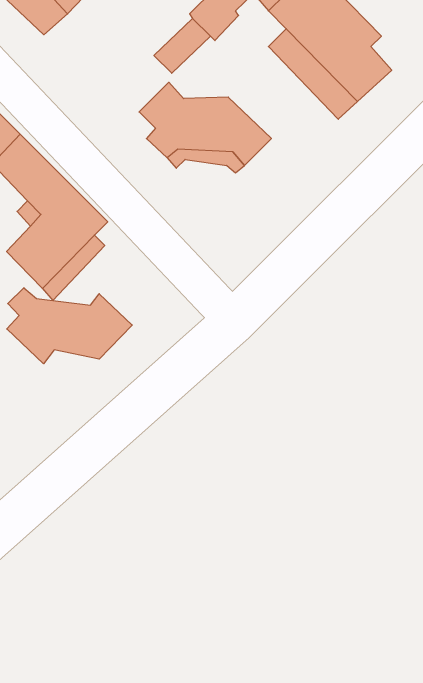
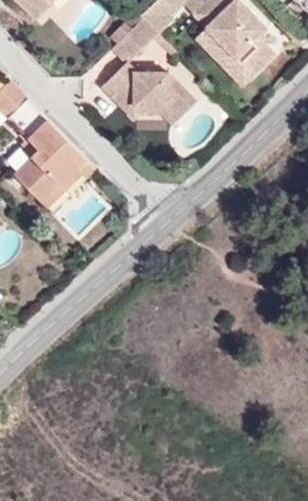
building: [7,288,132,364] -> none

